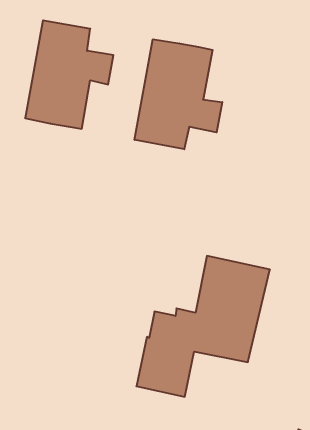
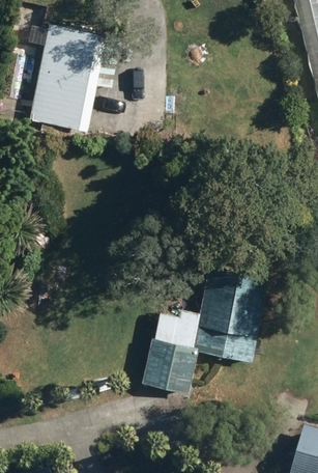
building: [135,39,222,149] -> none

